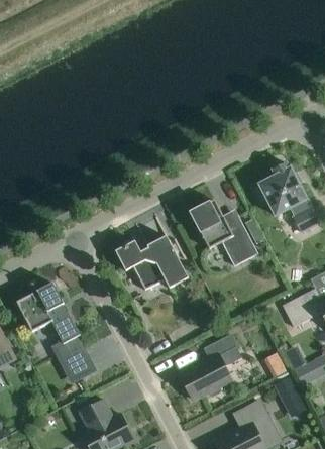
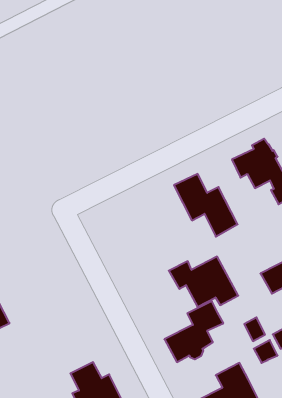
building: [115,236,189,290] -> [169,257,238,307]
building: [16,284,89,371] -> none

